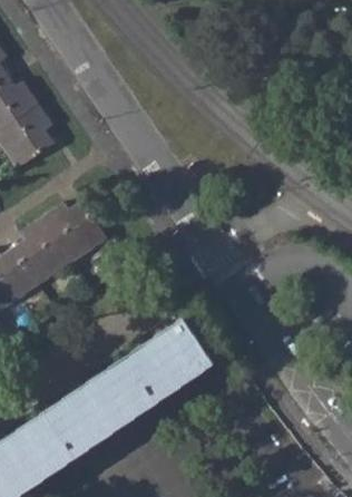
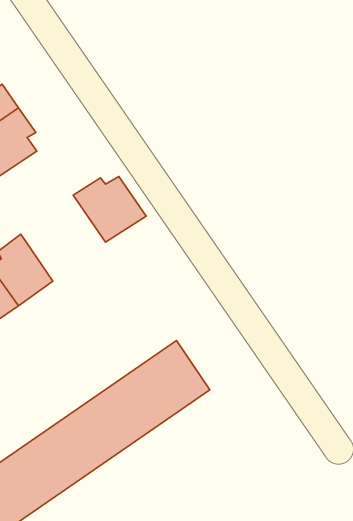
building: [41,203,107,262] -> [73,177,146,242]

